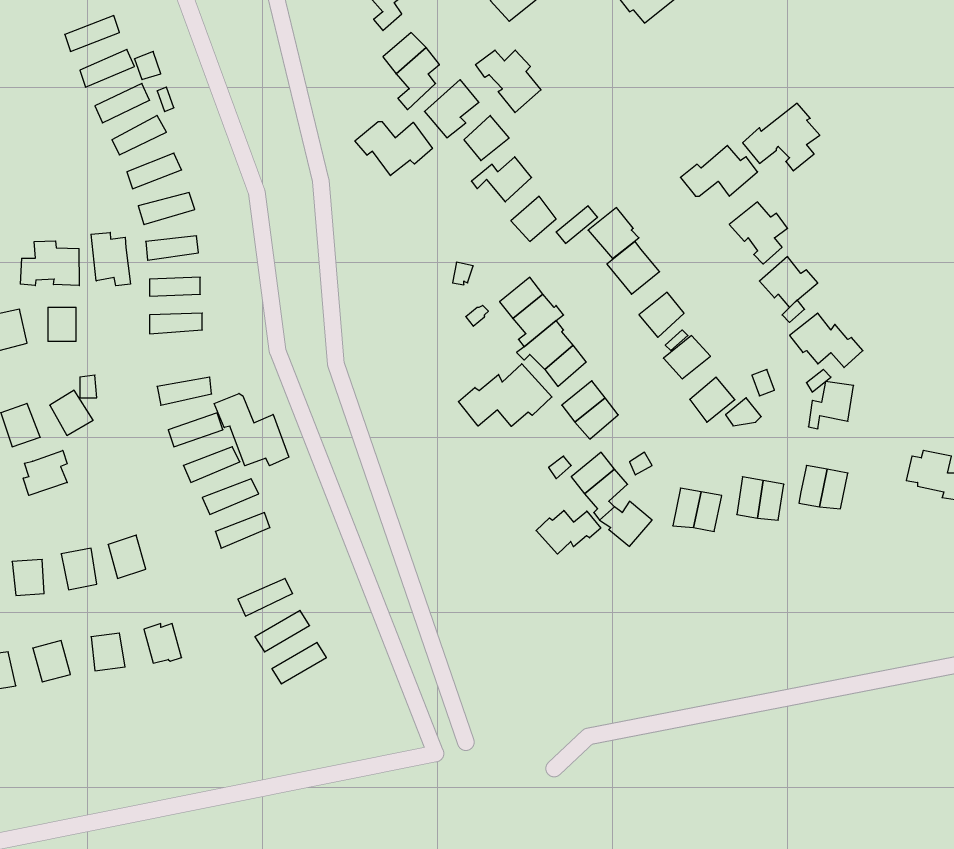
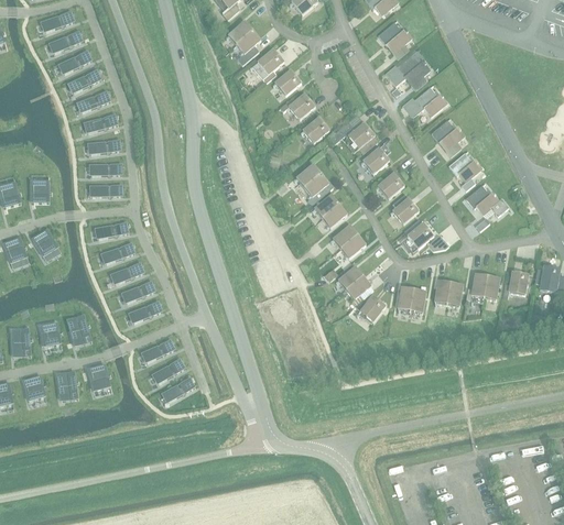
building: none -> [377,22,411,58]
building: [476,50,541,113] -> none
building: [743,103,820,171] -> [384,51,430,90]
building: [355,122,432,176] -> none
building: [91,232,130,286] -> none
building: [20,241,79,286] -> none
building: [458,364,552,426] -> none
building: [808,382,854,429] -> [501,272,528,299]
building: [214,393,289,466] -> none
building: [23,450,67,495] -> none
building: [536,510,601,554] -> none

